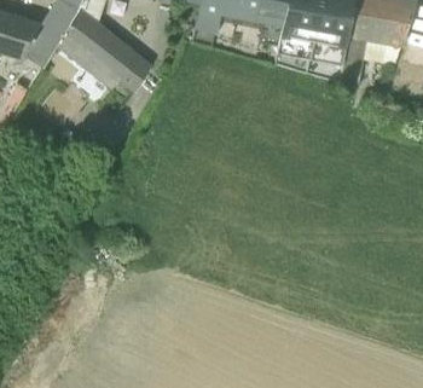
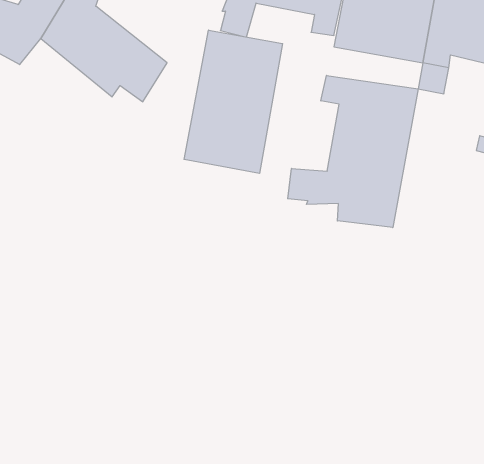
building: none -> [184,30,283,173]
building: none -> [288,75,418,228]

